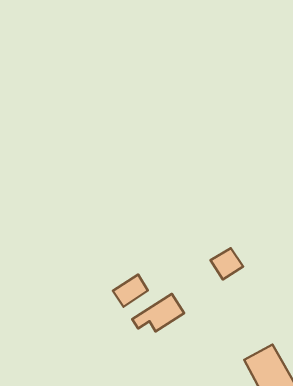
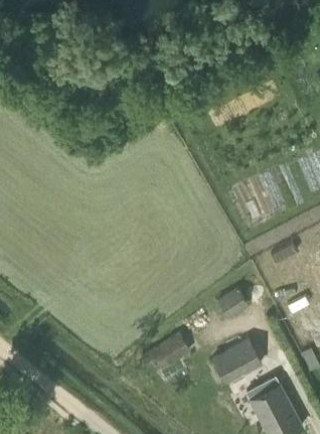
building: [113,275,148,307] -> none
building: none -> [210,337,262,385]

